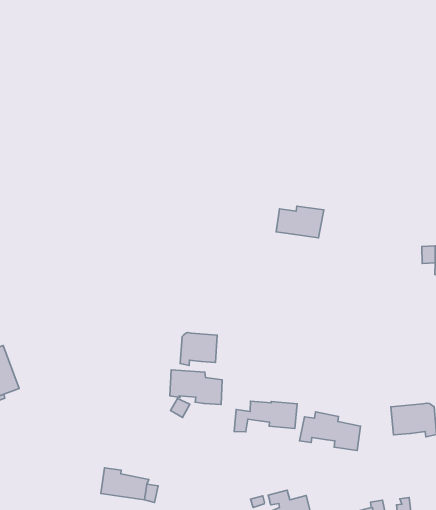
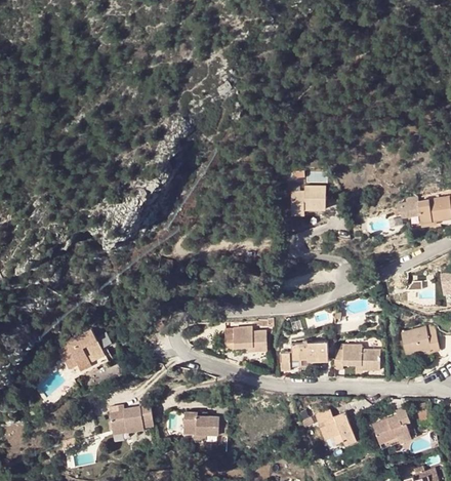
building: [180,333,217,365] -> none
building: none -> [109,401,154,433]

